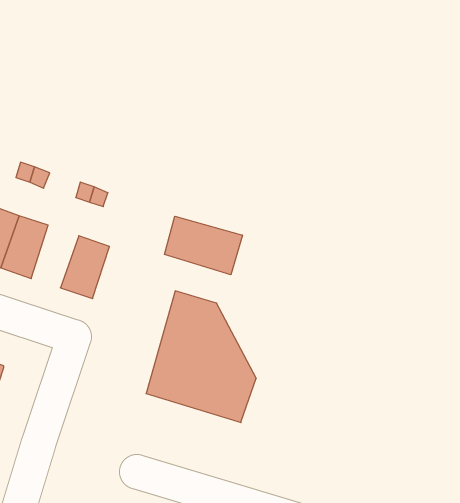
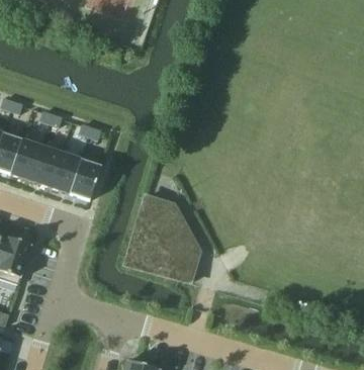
building: [164,216,242,275] -> none
building: none -> [51,151,82,192]

